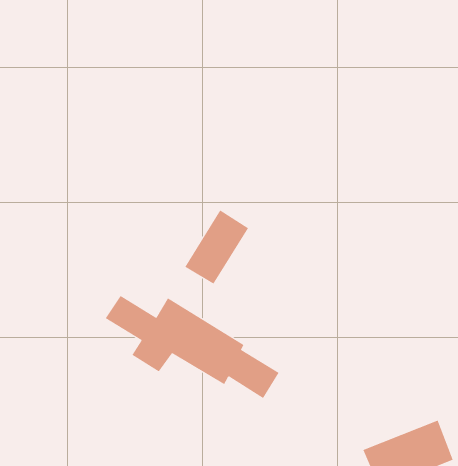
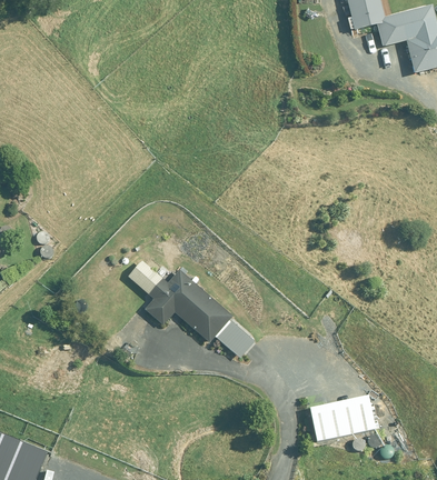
building: [185,209,249,285] -> none

